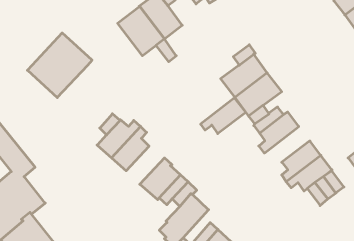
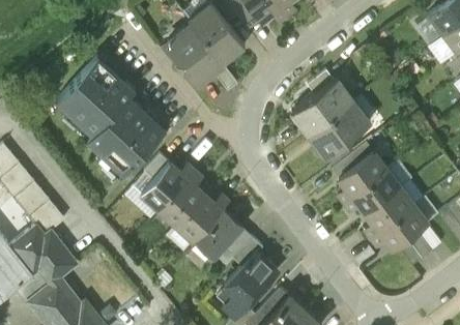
building: none -> [86,96,166,176]
building: [201,98,246,134] -> [345,171,400,214]
building: none -> [176,195,228,241]

